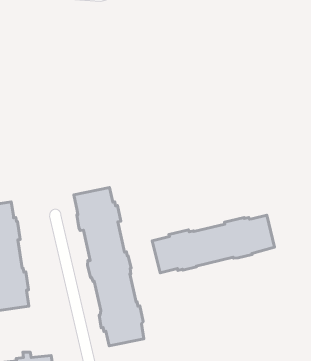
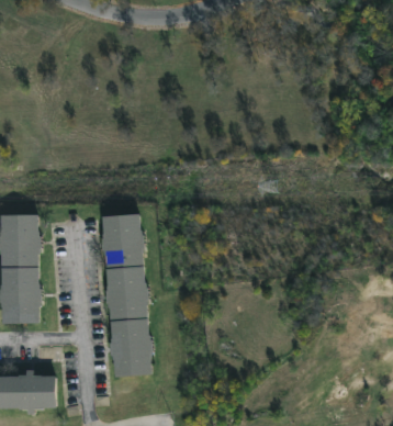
building: [152,215,275,273] -> none

